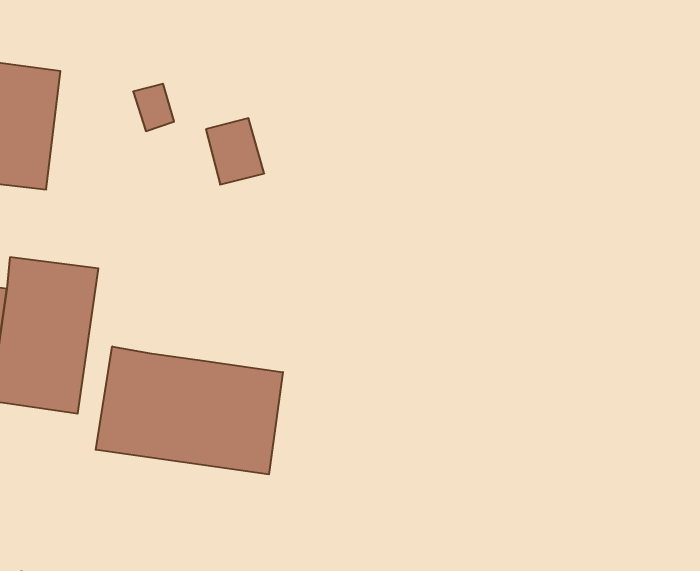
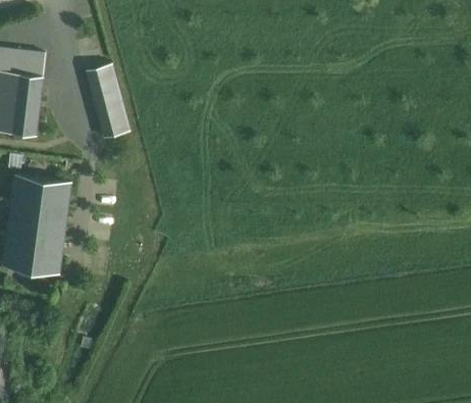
building: [206,118,264,185] -> [94,92,132,135]
building: [96,346,283,474] -> none

